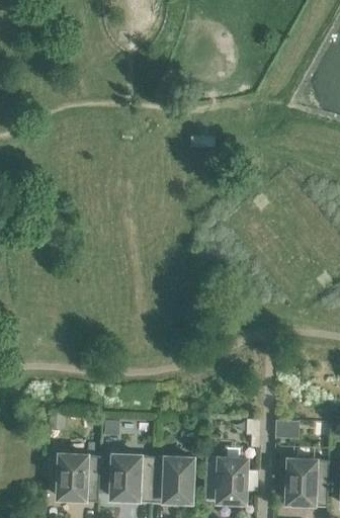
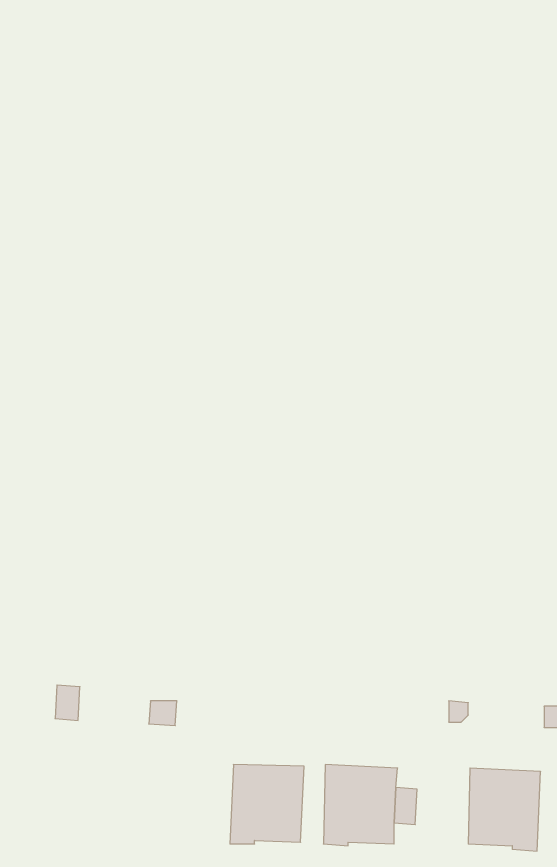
building: [56,454,98,502] -> none
building: [109,455,151,503] -> none

